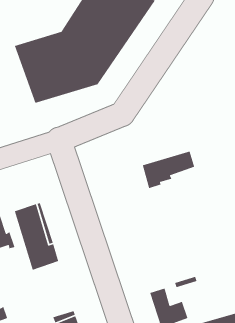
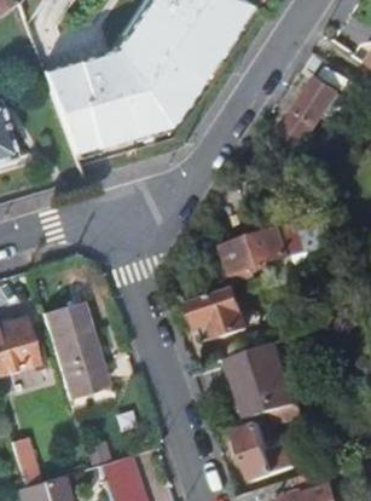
building: none -> [283,79,347,145]
building: none -> [192,272,280,338]
building: none -> [232,344,297,418]

